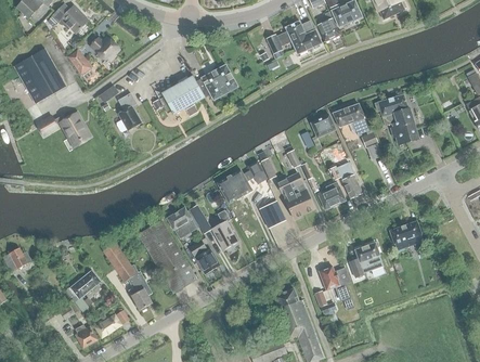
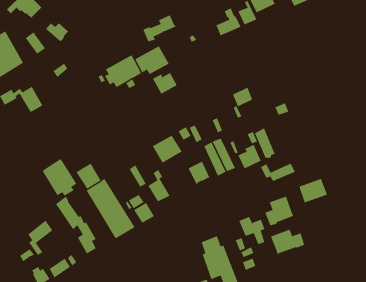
building: [267,20,307,52] -> [142,15,177,42]
building: [117,92,141,131] -> none
building: [375,93,418,143] -> none
building: none -> [152,72,177,94]
building: [333,103,368,133] -> none
building: none -> [42,158,77,196]
building: none -> [260,163,296,182]
building: [167,206,197,237] -> [76,163,101,190]
building: none -> [270,229,305,254]

